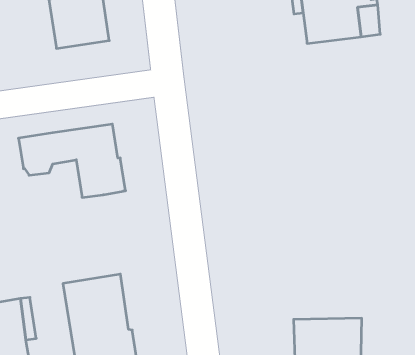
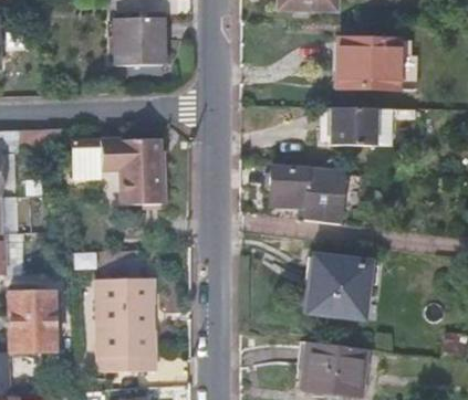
building: none -> [327,107,391,145]
building: none -> [270,166,342,221]
building: none -> [306,254,370,317]

